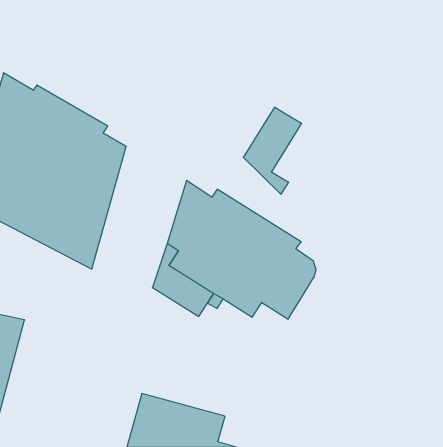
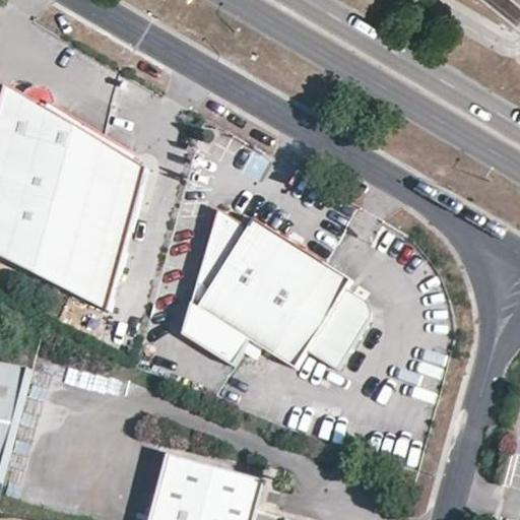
building: [243,107,301,194] -> none

